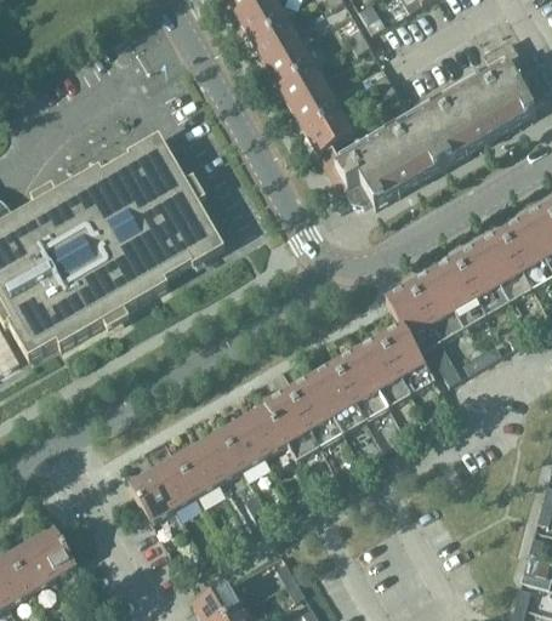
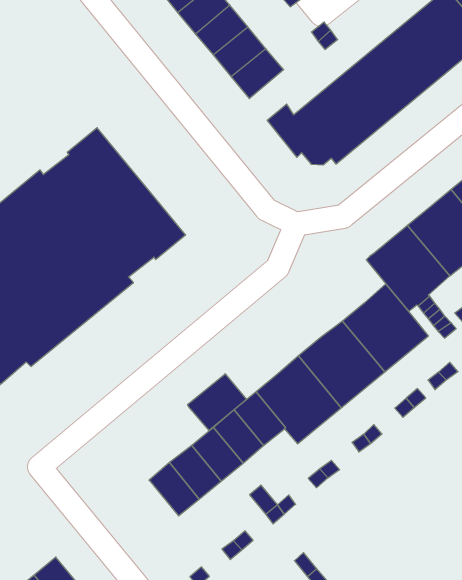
building: [306,108,355,153] -> none
building: none -> [188,374,246,431]
building: [130,468,176,520] -> none

